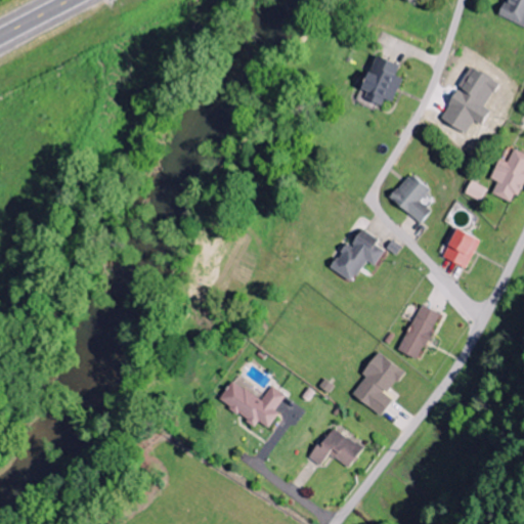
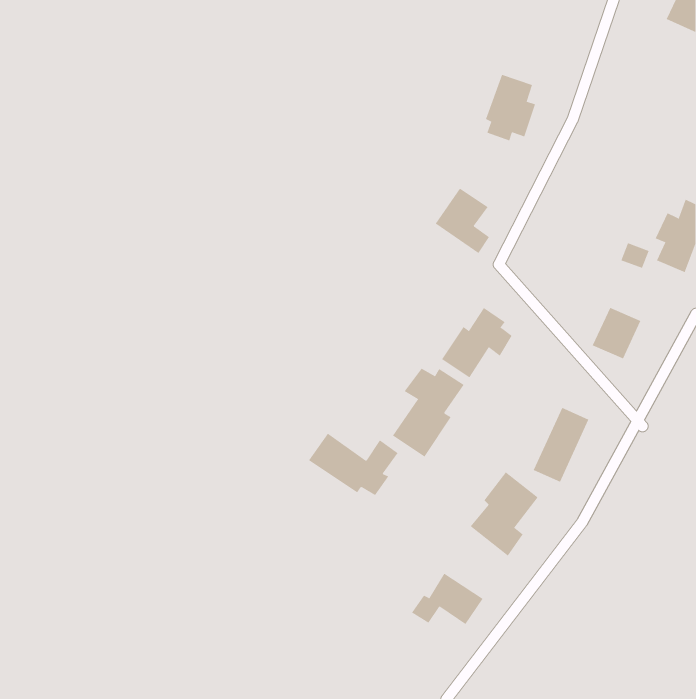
building: [440,67,498,133] -> none
building: [389,173,430,222] -> [435,188,490,254]
building: none -> [392,368,464,457]
building: [217,380,285,427] -> [308,433,399,496]

